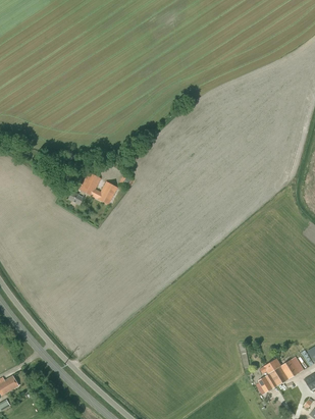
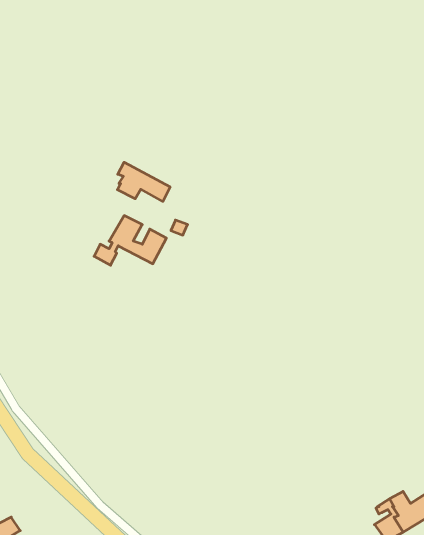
building: none -> [117,162,170,201]

